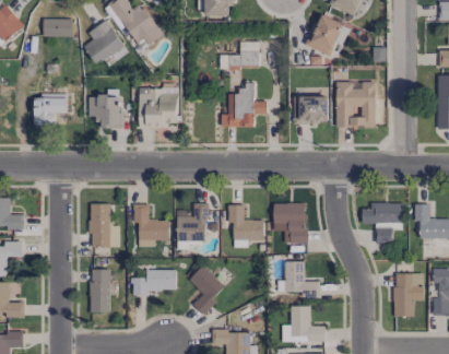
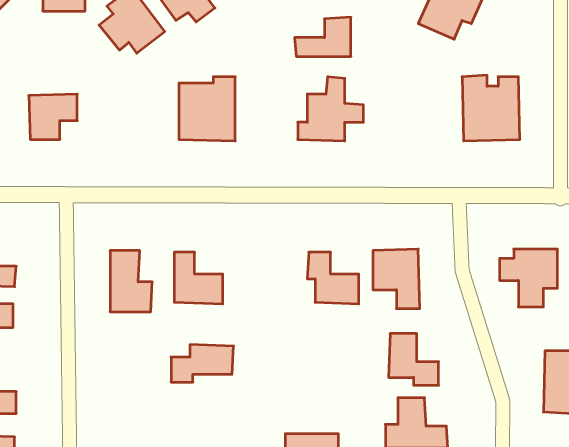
building: [88,95,125,128] -> none
building: [292,96,330,123] -> none
building: [177,203,208,240] -> none
building: [189,266,226,312] -> none
building: [91,269,110,311] -> none

